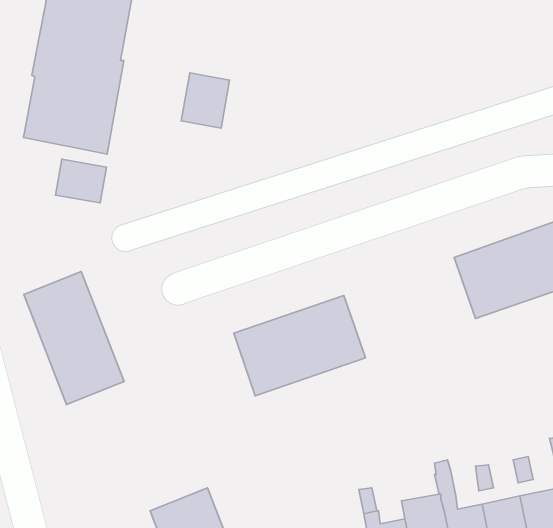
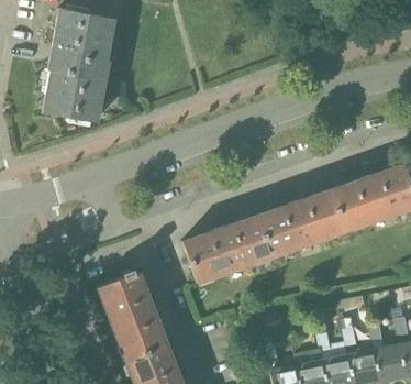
building: [181,73,229,128] -> none
building: [56,159,107,203] -> none
building: none -> [257,190,345,257]
building: [24,271,124,405] -> [99,271,166,360]

